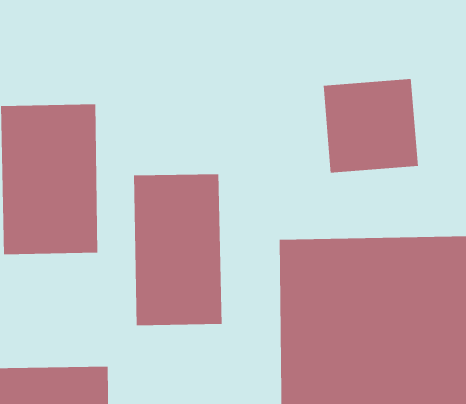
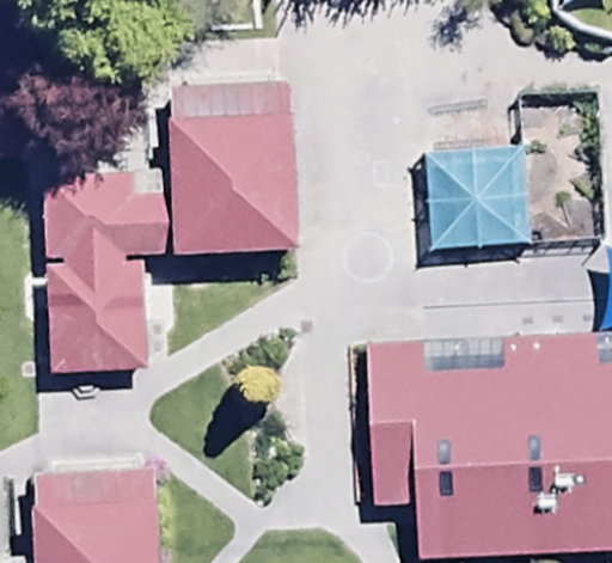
building: none -> [170,108,311,251]
building: [134,174,222,326] -> none

